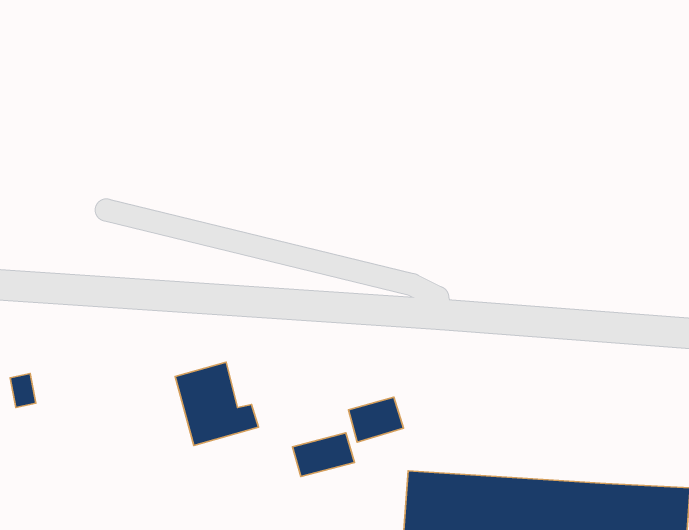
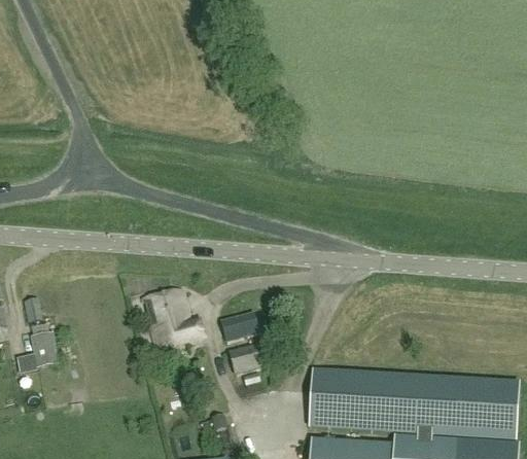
building: [349,397,404,442] -> [219,311,259,344]
building: none -> [29,332,59,368]

